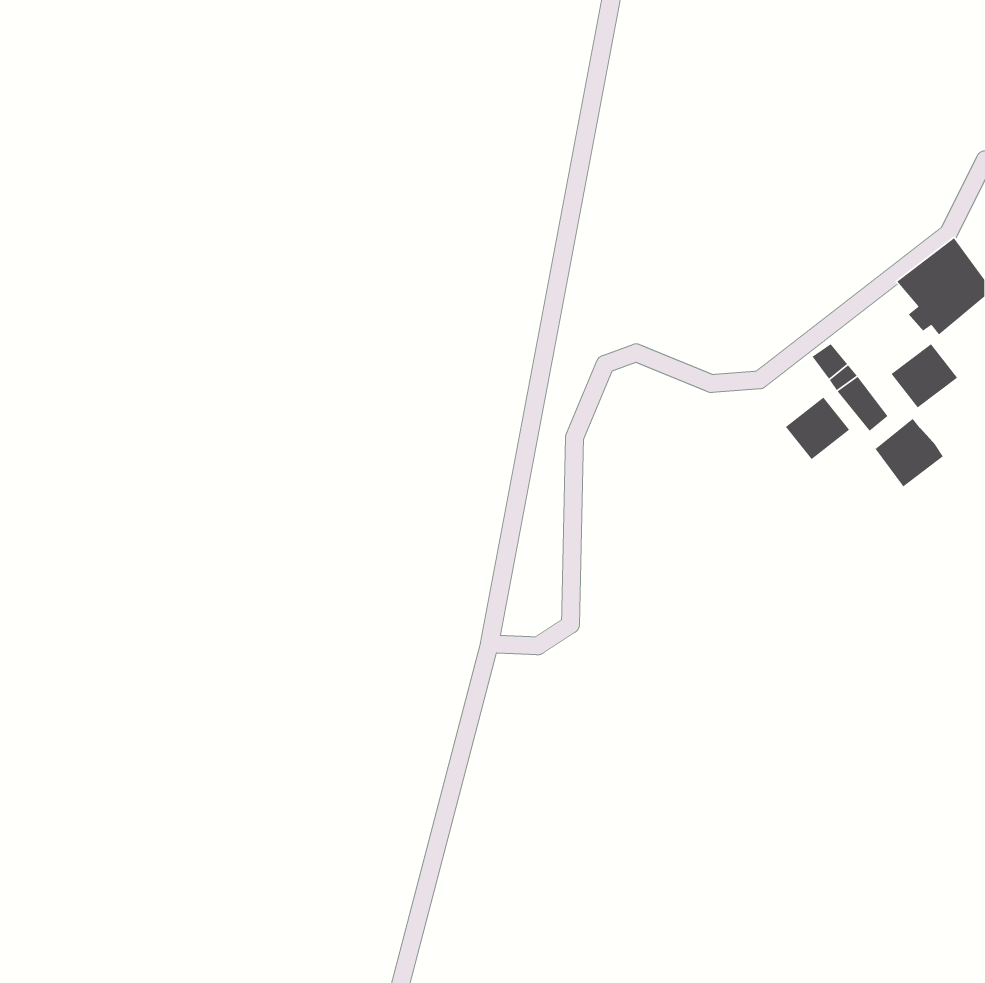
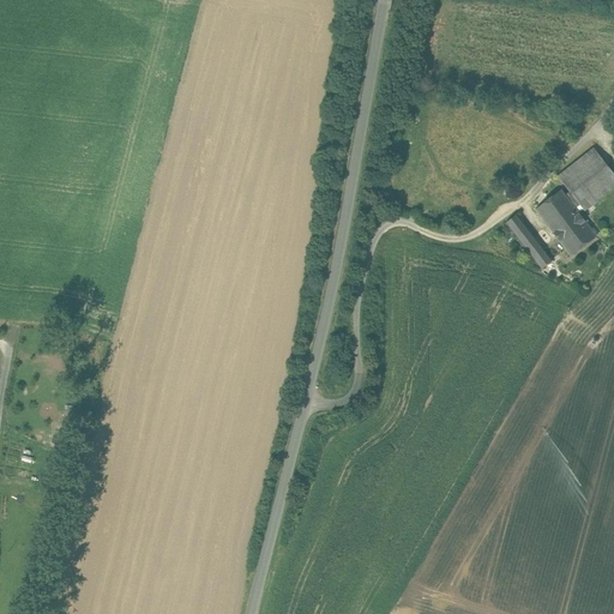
building: [785,396,850,460] -> none
building: [874,418,944,487] -> [536,189,579,233]

